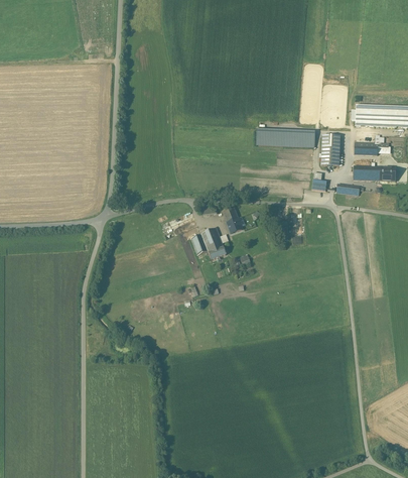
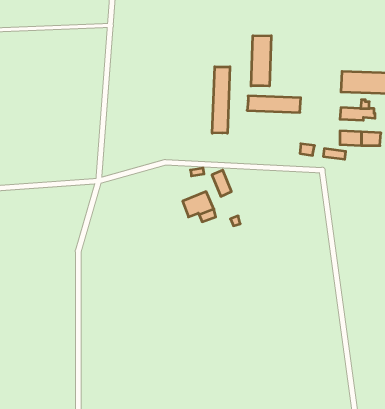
building: none -> [251,36,271,86]
building: none -> [212,67,230,133]
building: [321,134,341,165] -> none

